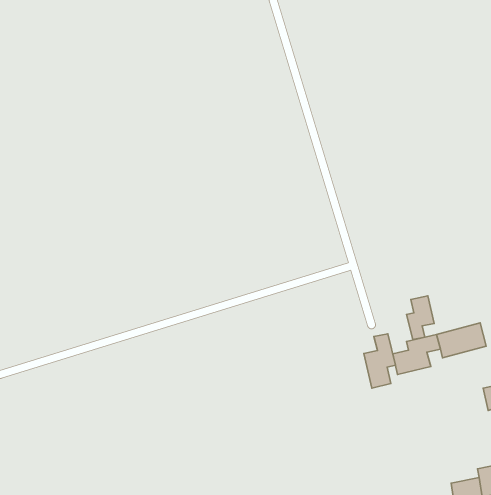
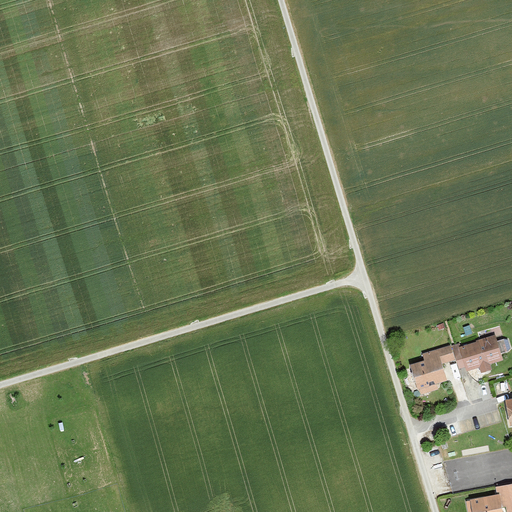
building: [407,296,434,340] -> none
building: [364,334,395,388] -> none

